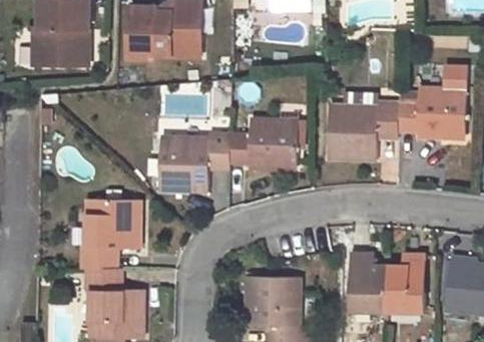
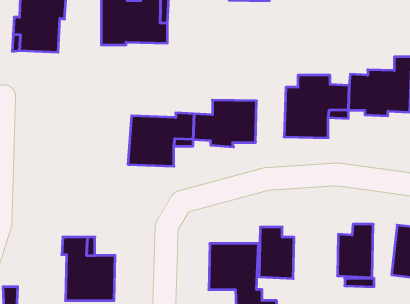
building: [81,199,140,269] -> none
building: [349,255,387,311] -> [259,227,294,279]

